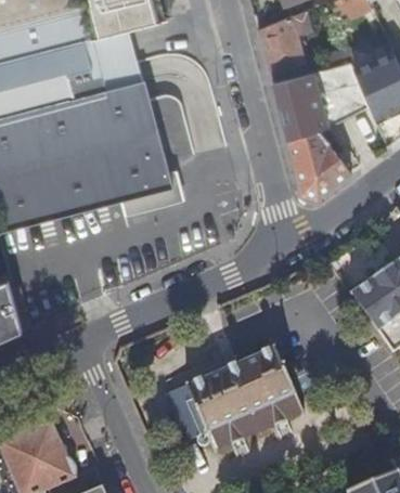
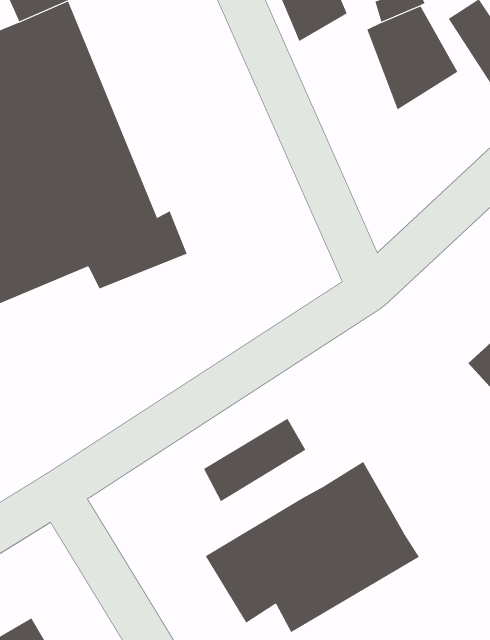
building: [272,70,350,198] -> none
building: none -> [203,418,306,502]

